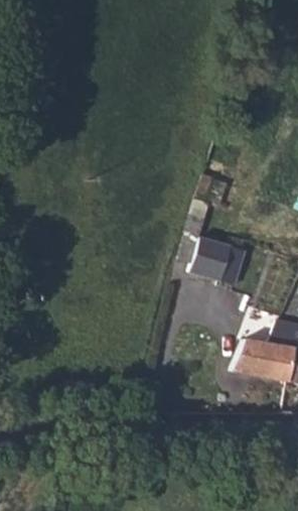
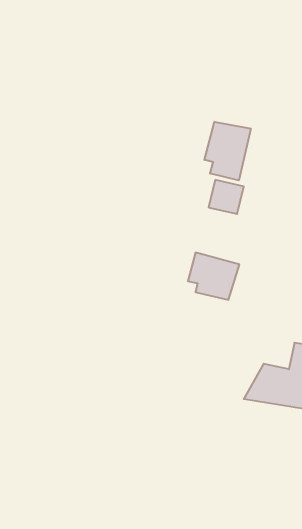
building: none -> [204,122,251,180]

